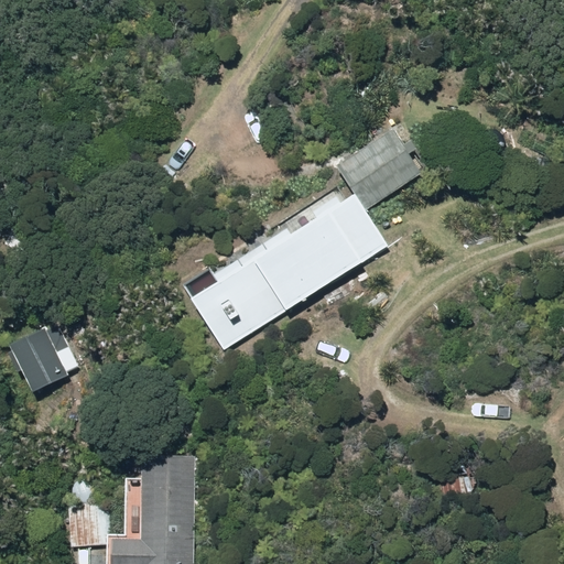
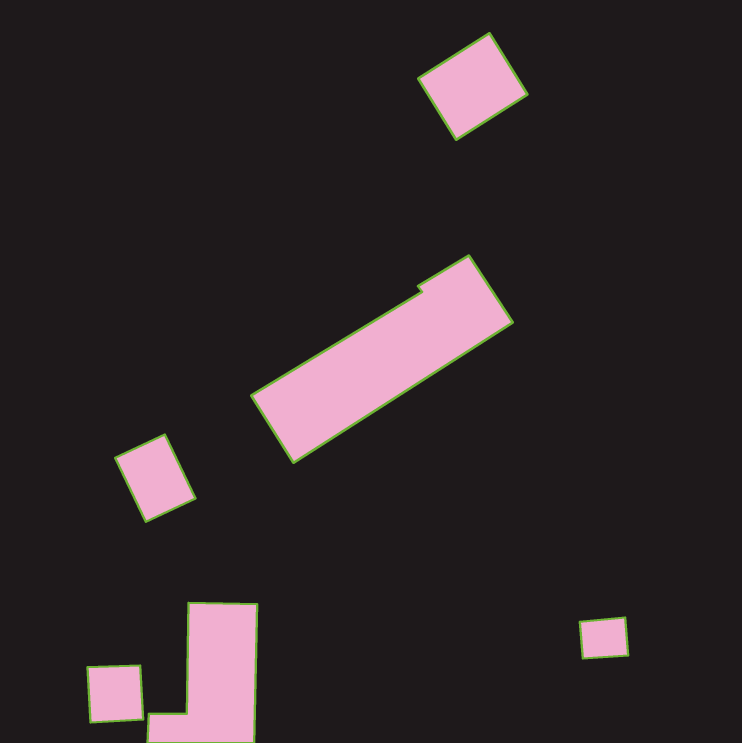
building: [337,128,420,208] -> [418,33,528,140]
building: [7,326,67,392] -> [115,434,195,522]

